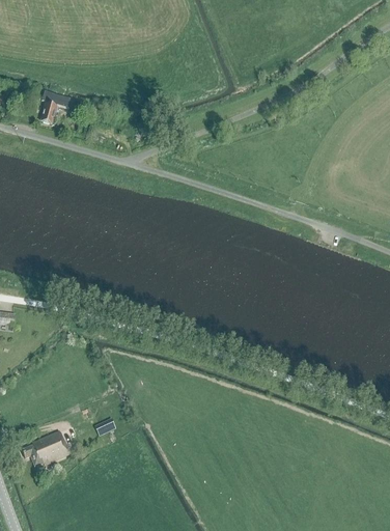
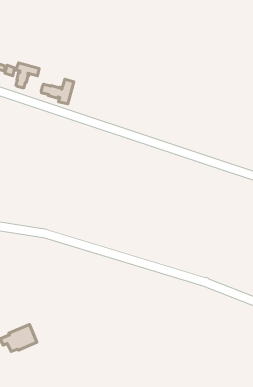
building: none -> [41,79,74,104]

